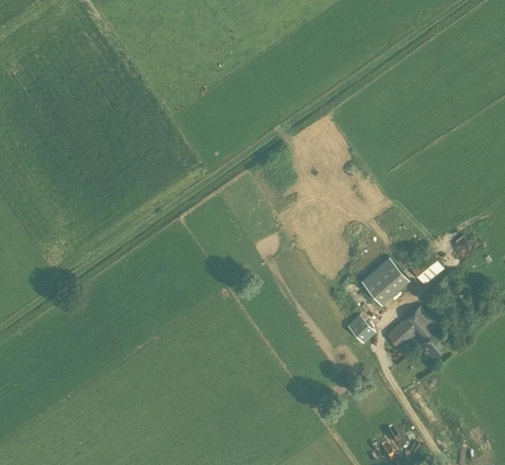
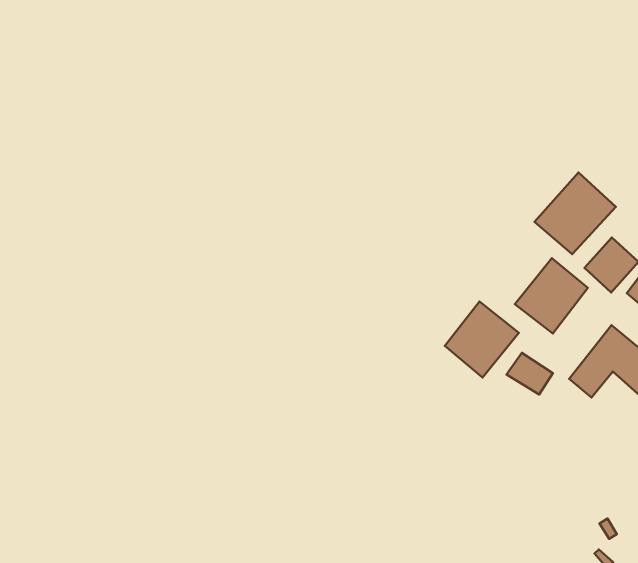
building: none -> [535,173,616,254]
building: none -> [445,302,519,378]

